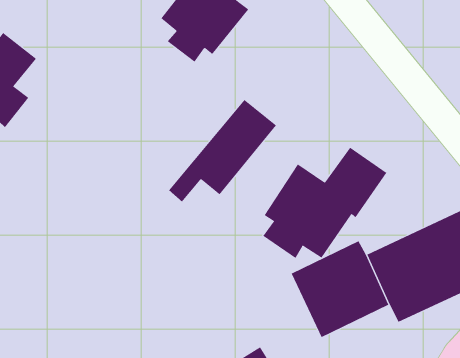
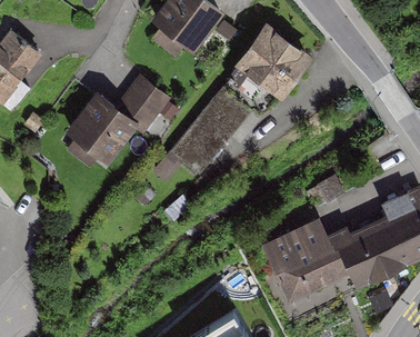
building: none -> [233,22,312,100]
building: none -> [63,73,169,168]
building: [263,147,387,259] -> none

